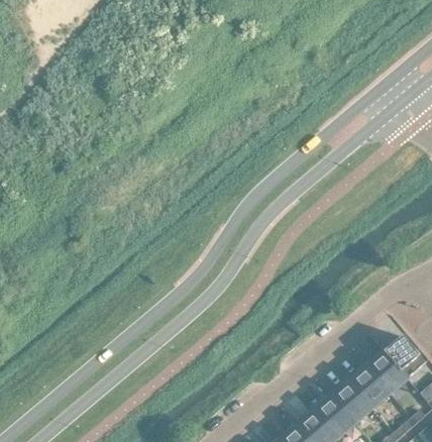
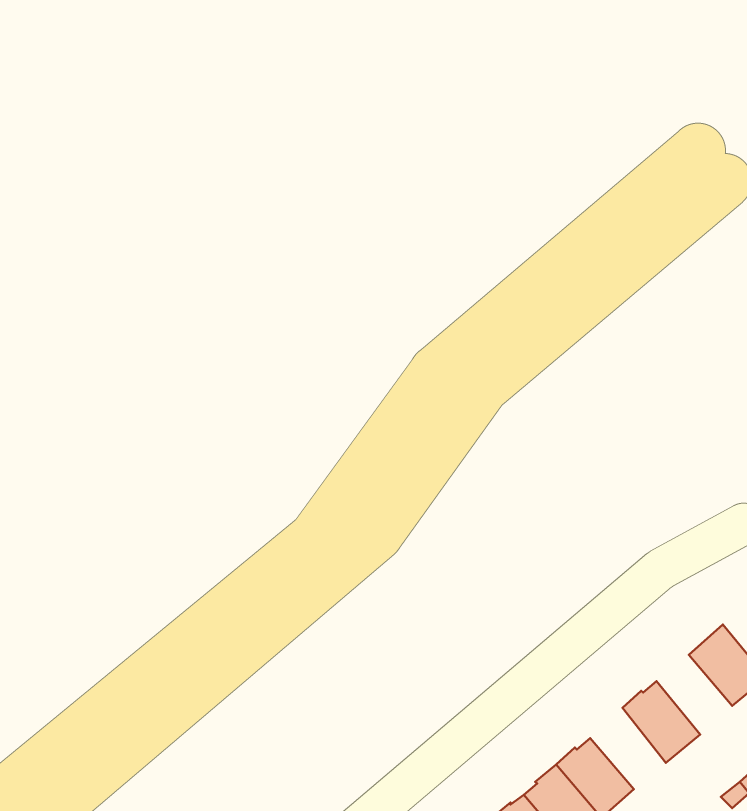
building: [367,350,408,393] -> none
building: [332,378,372,422] -> none

